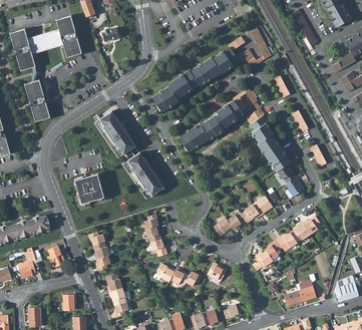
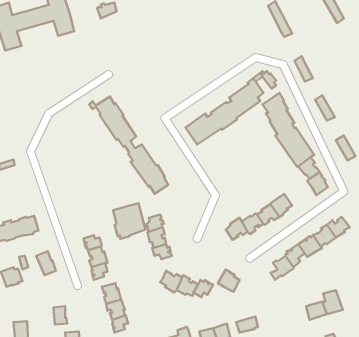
building: [151,36,259,112] -> none
building: [24,79,50,121] -> none
building: [75,174,103,205] -> [113,203,145,239]

